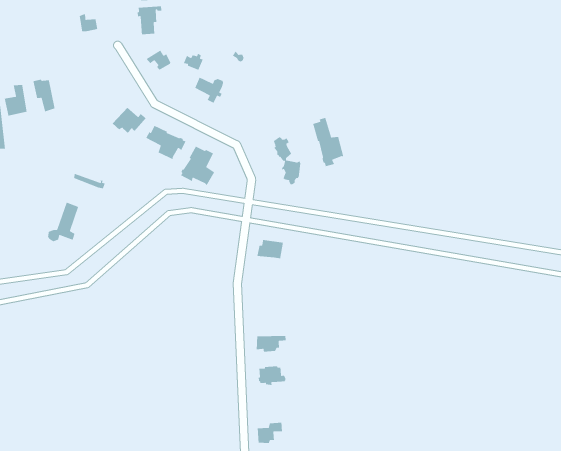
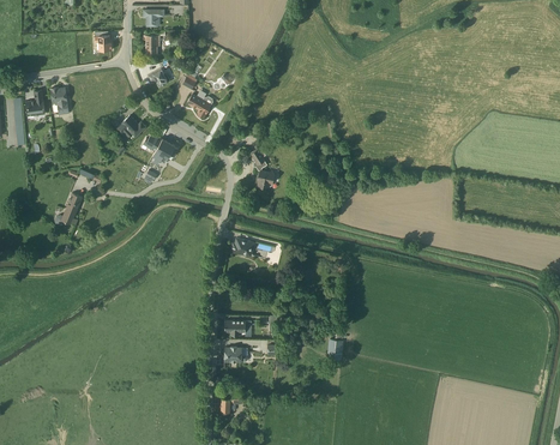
building: [312,117,345,167] -> none
building: [180,146,215,187] -> none

